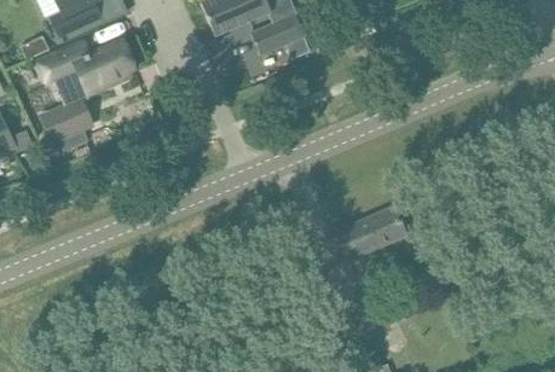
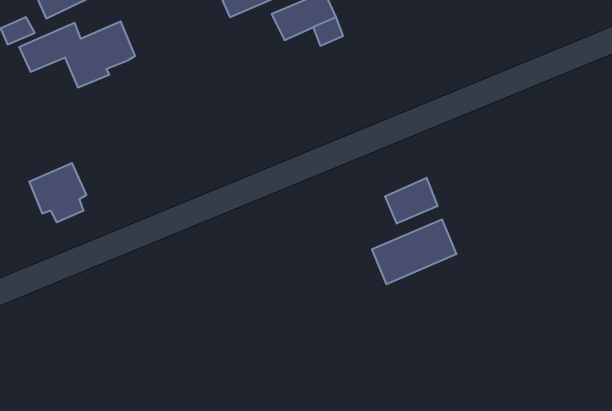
building: [41,99,89,149] -> [29,163,87,222]
building: none -> [385,178,438,224]

